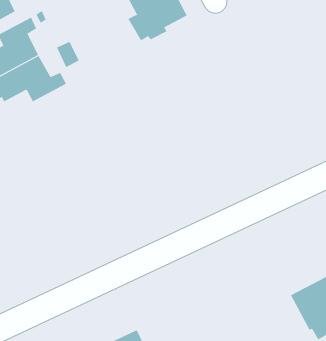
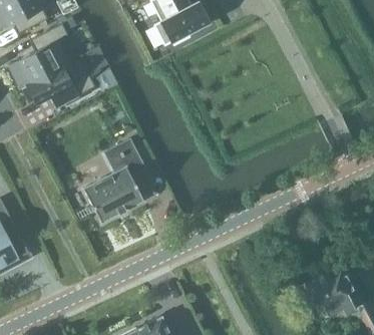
building: none -> [82,138,144,222]

